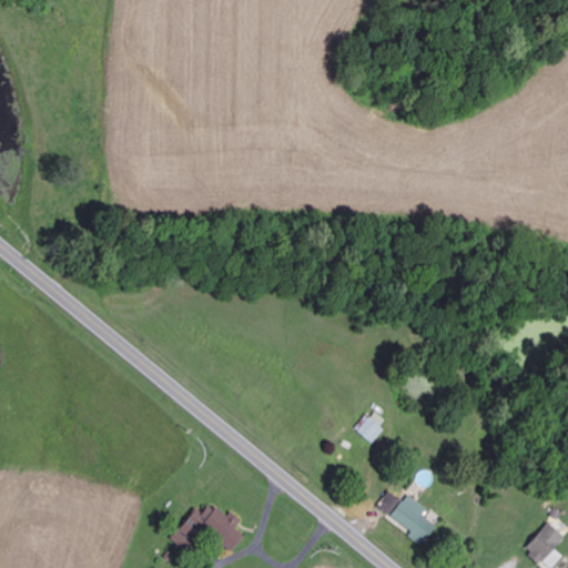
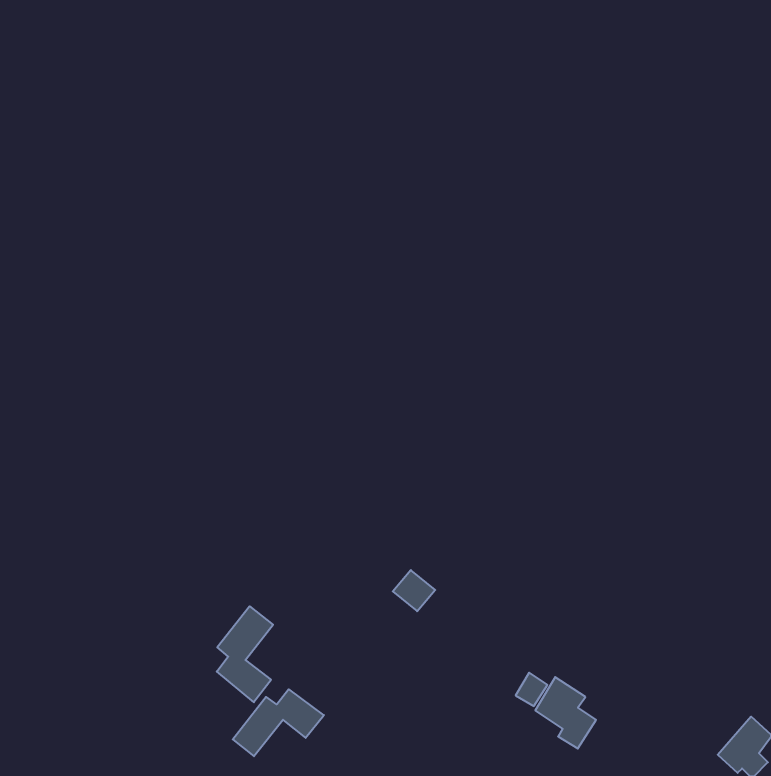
building: [352,414,383,444] -> [393,570,435,611]
building: none -> [217,606,273,702]

